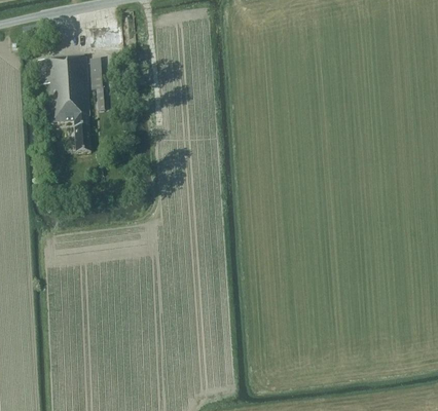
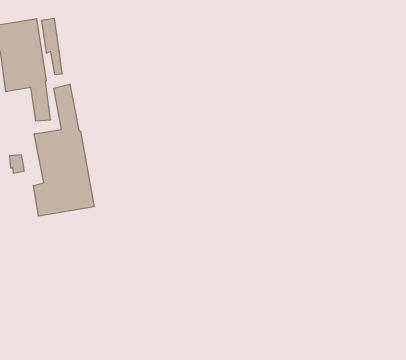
building: none -> [33,84,94,216]

